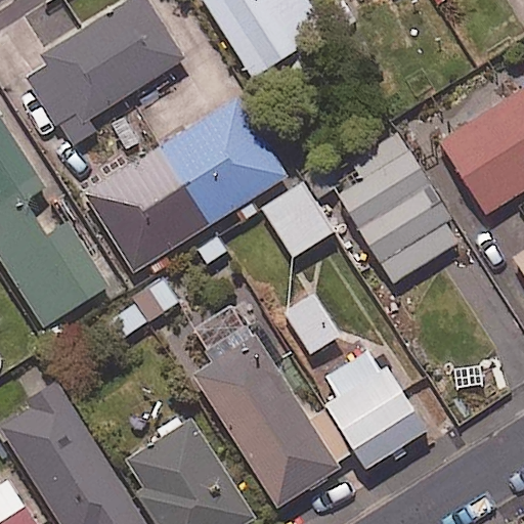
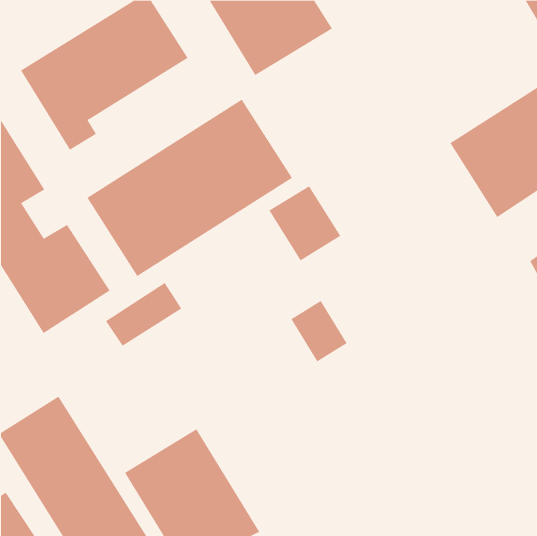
building: [325,132,463,282] -> none
building: [193,336,339,505] -> none
building: [321,367,425,470] -> none

